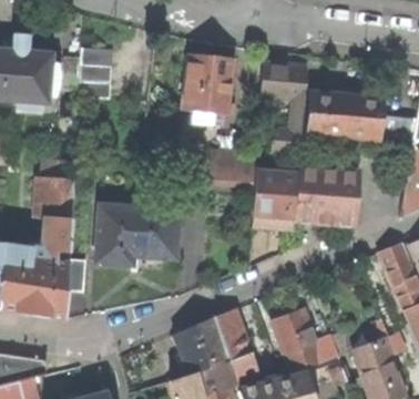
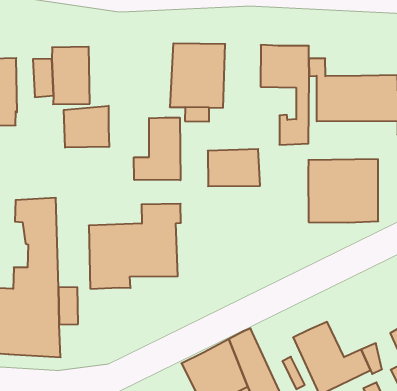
building: none -> [64,106,109,148]
building: none -> [134,117,180,180]
building: [253,171,297,228] -> none

